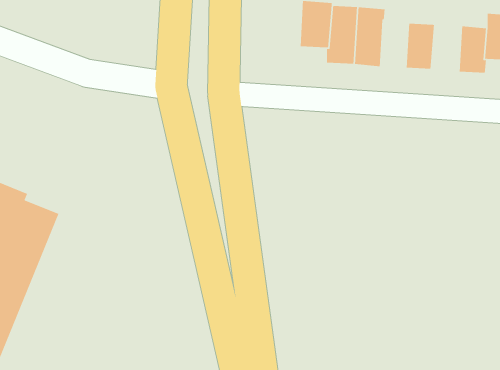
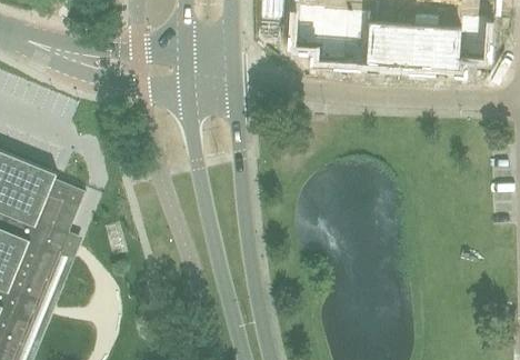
building: none -> [412,16,440,69]
building: none -> [368,23,392,66]

